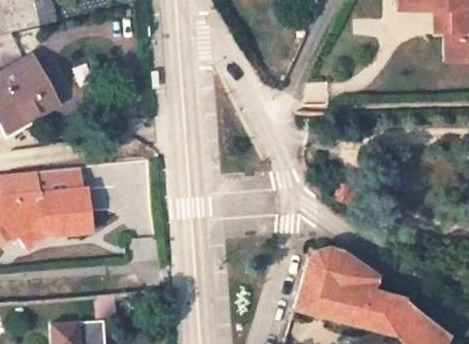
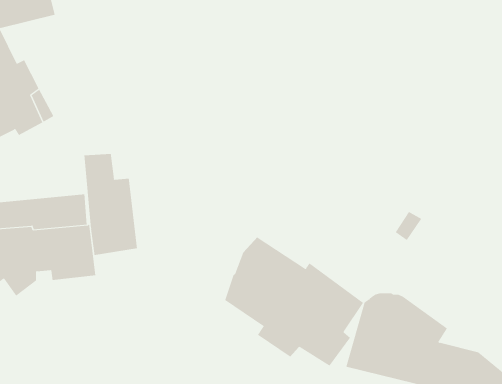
building: none -> [84,153,138,256]
building: none -> [224,236,364,366]

